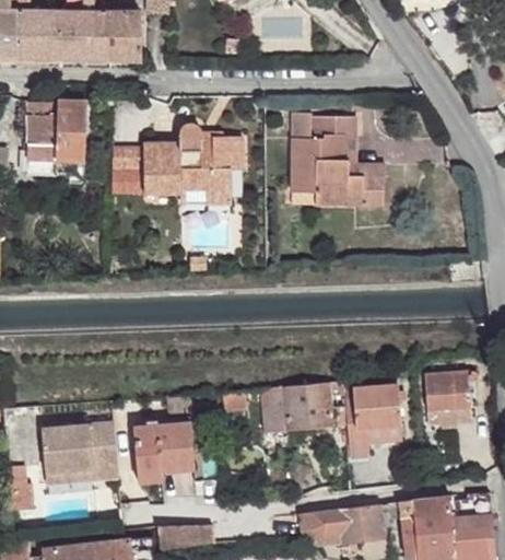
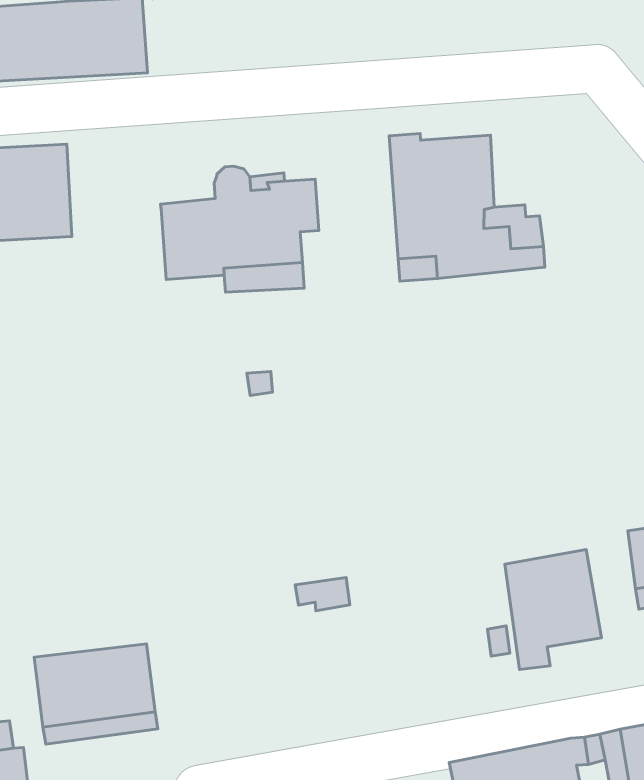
building: [110,148,143,190] -> none
building: [258,381,347,434] -> none
building: [133,423,196,482] -> none

